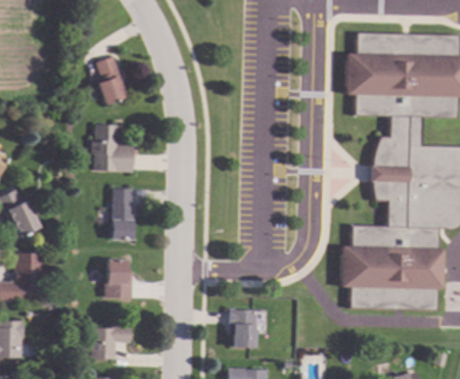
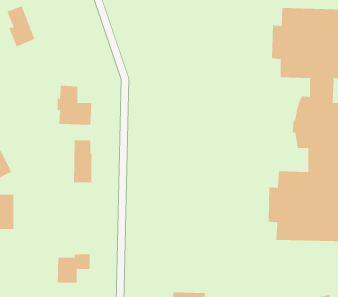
building: [95,56,129,105] -> [7,6,35,47]
building: [107,259,134,298] -> none
building: [231,310,258,347] -> none

